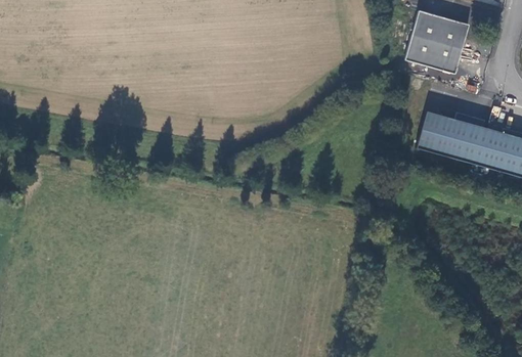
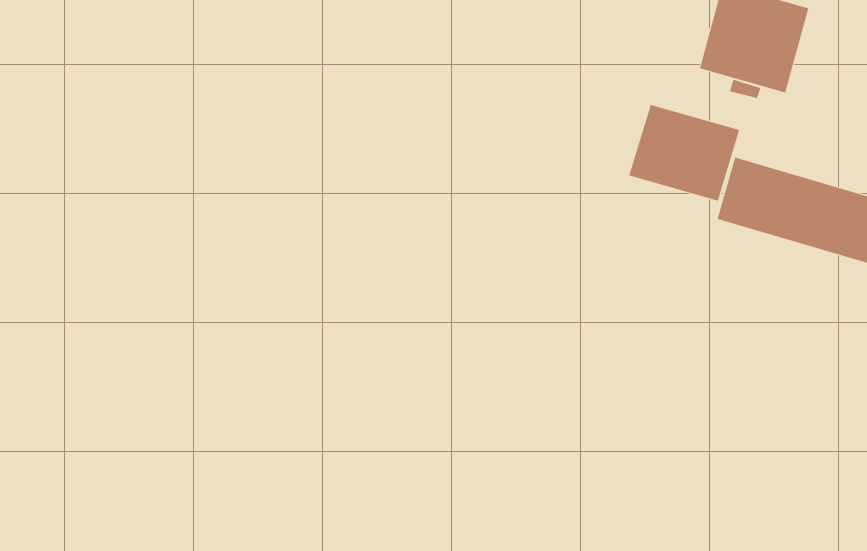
building: none -> [629,104,740,201]

